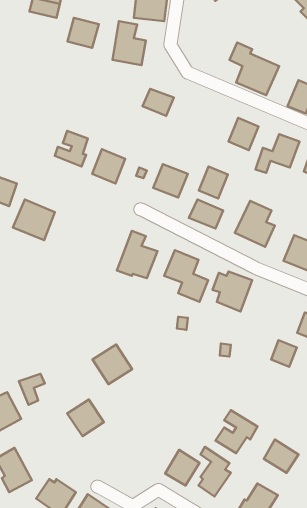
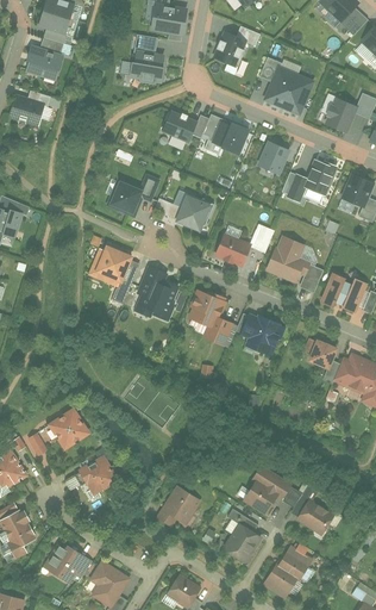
building: [68,18,99,48] -> [29,45,63,79]
building: none -> [213,35,246,69]
building: none -> [13,95,46,124]
building: none -> [213,119,251,155]
building: [55,131,88,166] -> none
building: [199,166,228,199] -> none
building: [13,199,55,240] -> [86,242,132,287]
building: [271,340,297,367] -> [307,338,336,368]
building: [93,344,132,384] -> [49,406,93,450]
building: [165,450,200,485] -> [163,484,201,523]

